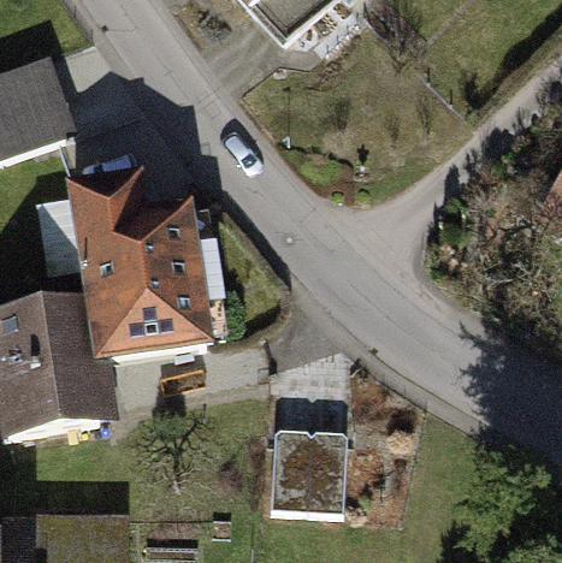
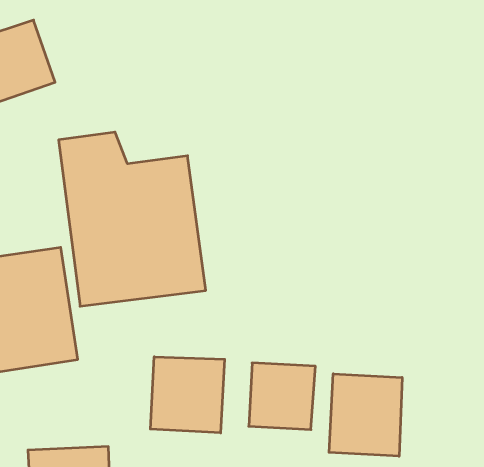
building: none -> [150,357,225,433]
building: none -> [329,374,402,456]

